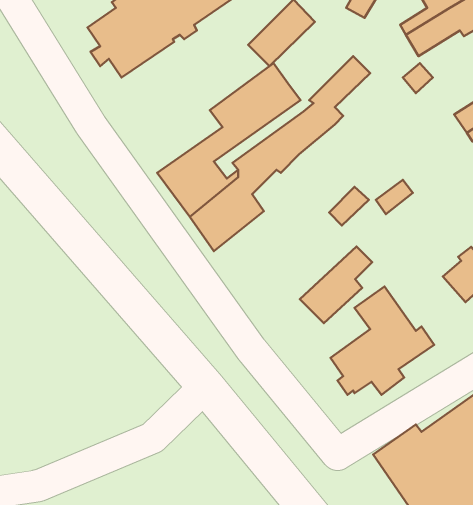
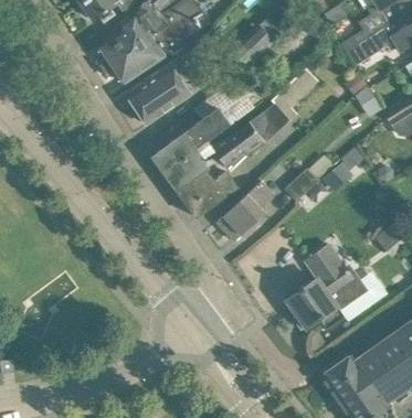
building: none -> [127,65,190,124]
building: [300,246,372,323] -> [216,181,273,240]

